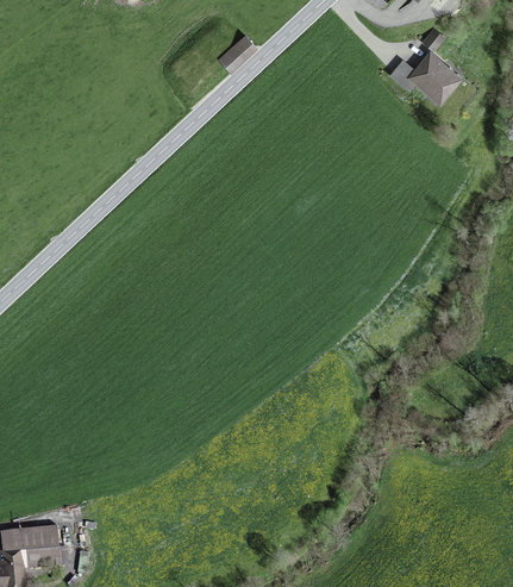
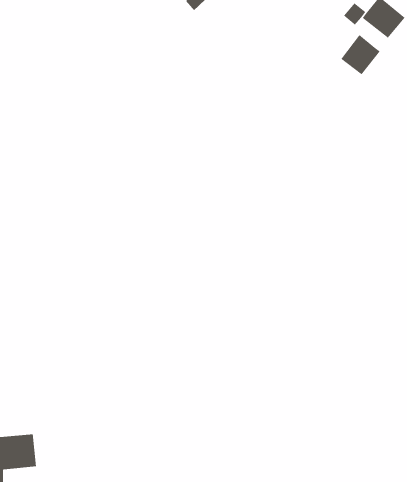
building: none -> [340,34,381,75]

